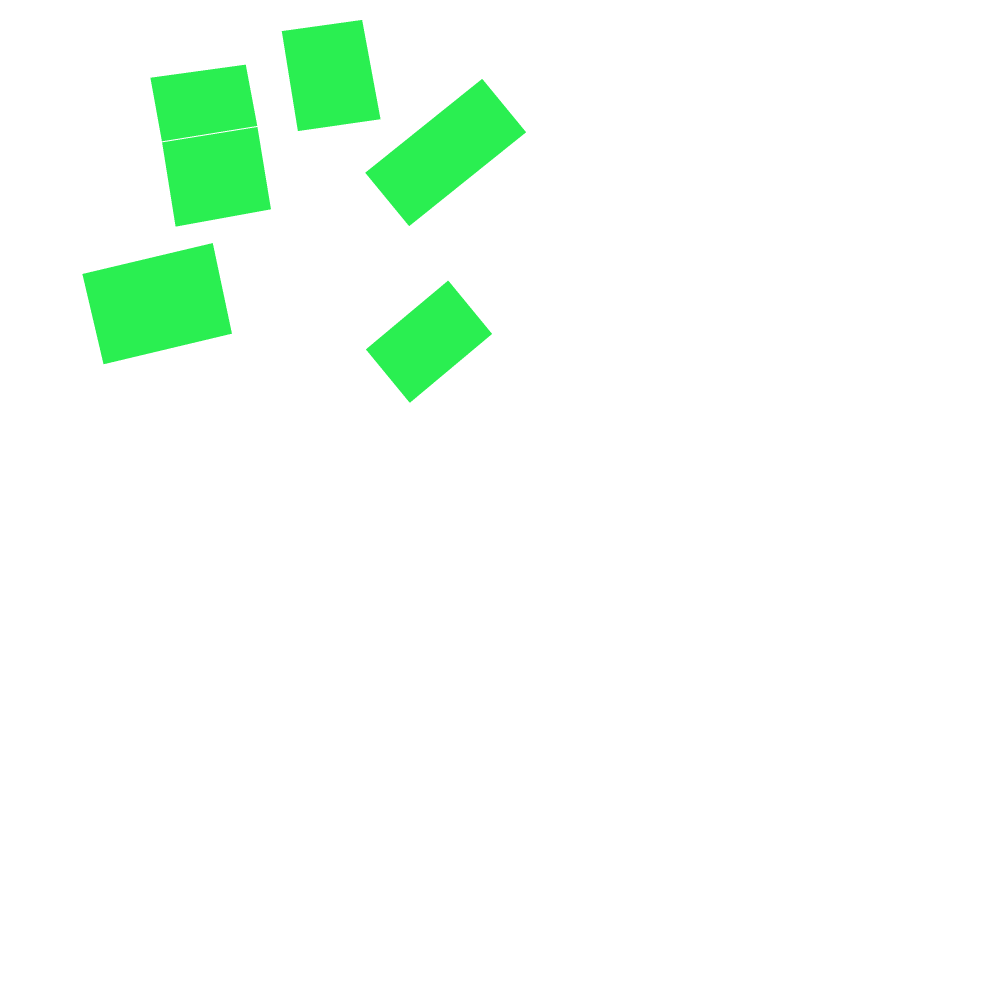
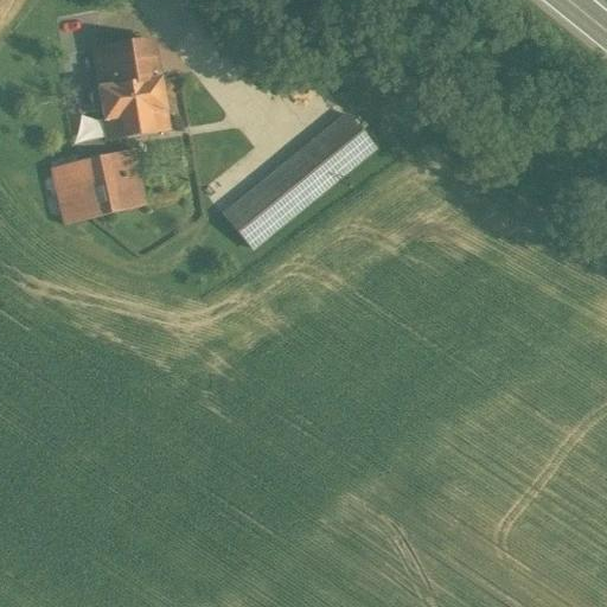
building: [281,19,381,132] -> none
building: [364,78,527,227] -> [276,113,376,204]

